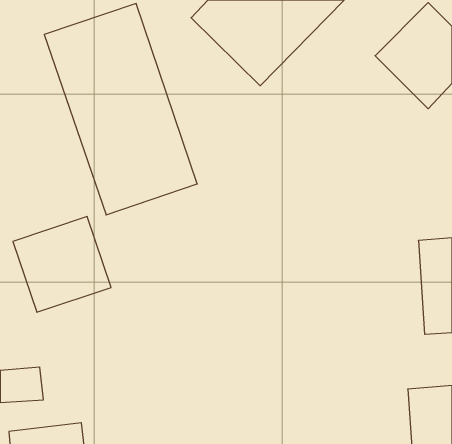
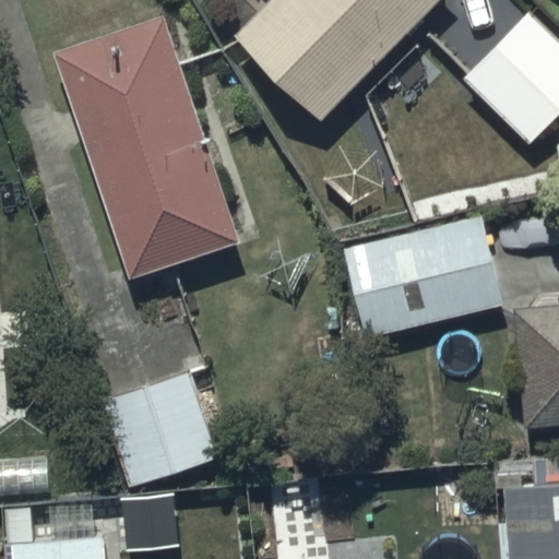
building: none -> [342,214,500,343]
building: [13,217,111,312] -> [100,370,222,488]

